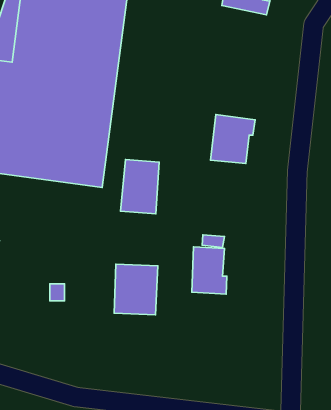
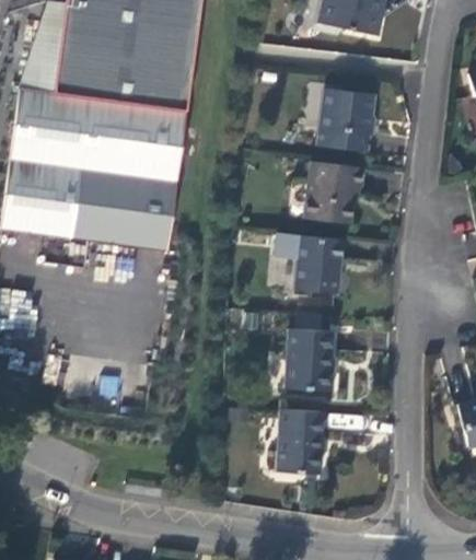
building: none -> [320,86,374,149]
building: [120,160,159,214] -> [282,233,332,302]
building: [114,264,158,315] -> [278,408,334,472]

